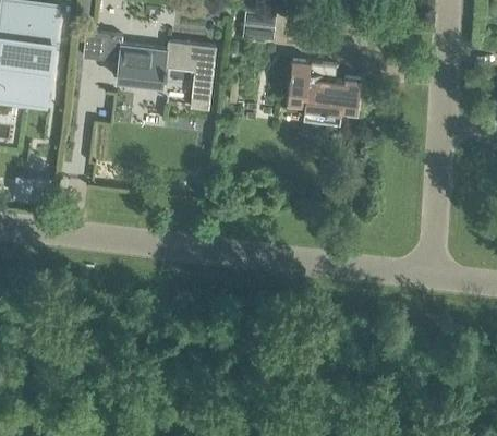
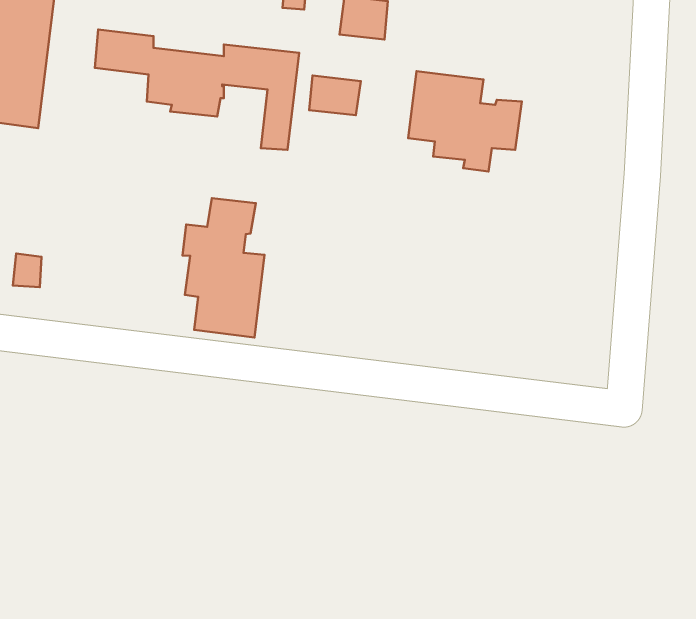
building: none -> [309,75,361,115]
building: none -> [182,198,265,337]

